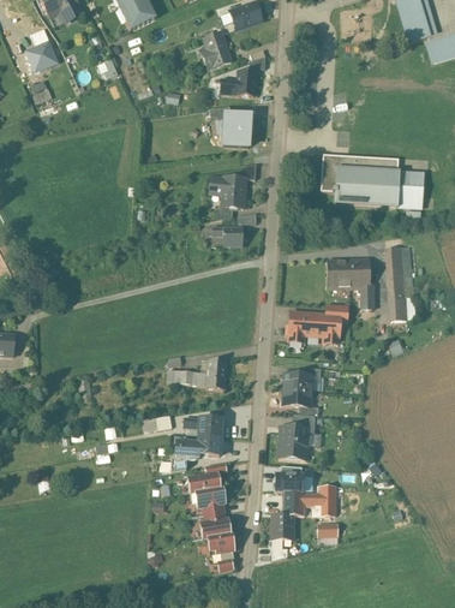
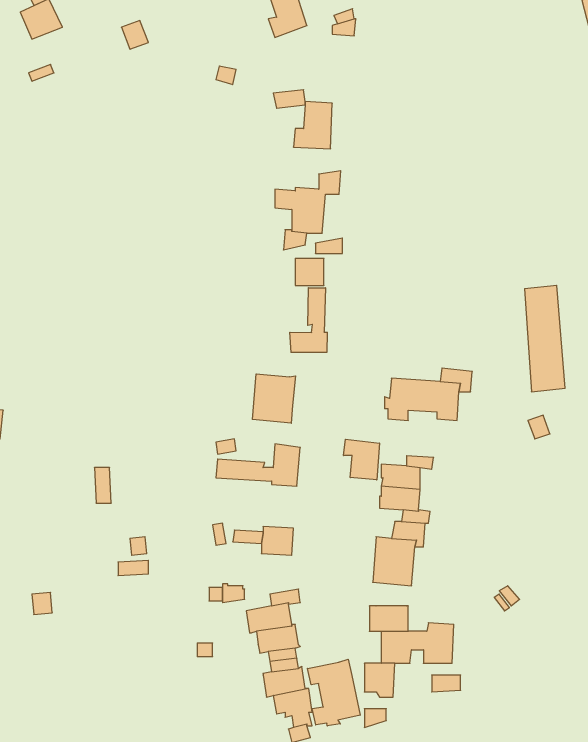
building: [218,70,258,95] -> none
building: [321,154,423,208] -> none
building: none -> [290,288,327,352]
building: [327,258,373,308] -> none
building: none -> [252,374,295,423]
building: none -> [344,439,379,480]
building: [175,436,220,457] -> none
building: none -> [307,659,360,726]

